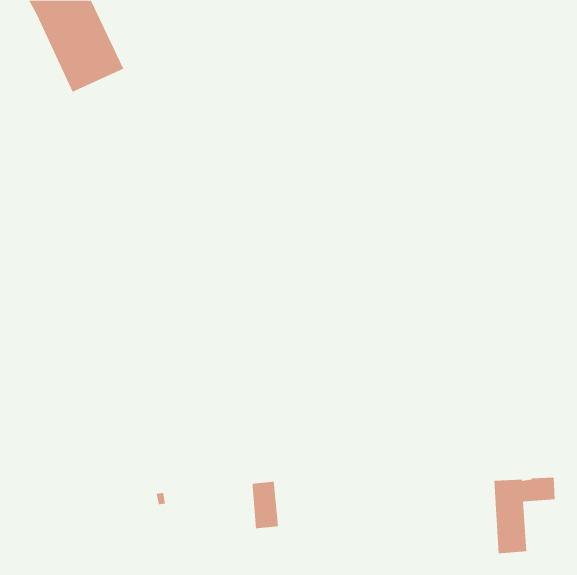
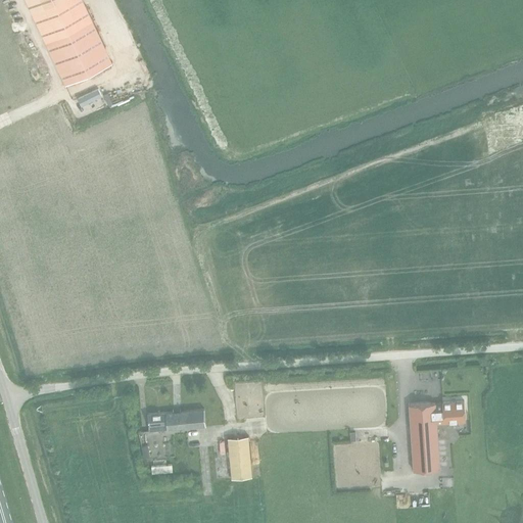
building: none -> [147,411,205,432]
building: [493,477,556,554] -> [409,402,465,472]

